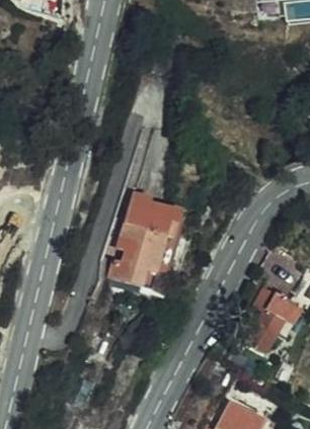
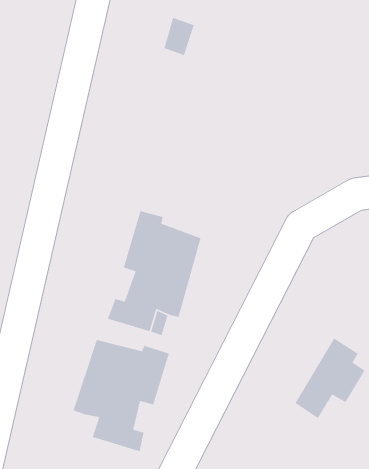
building: none -> [72,339,170,452]

